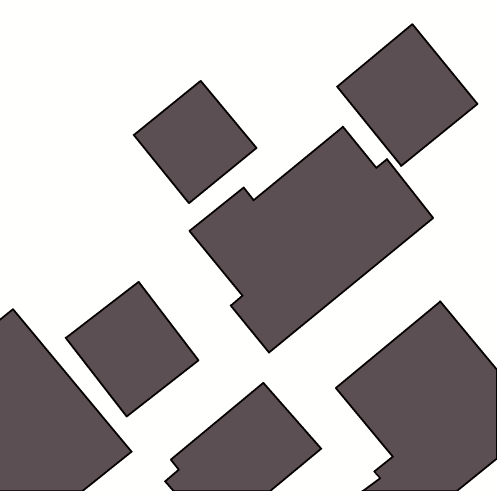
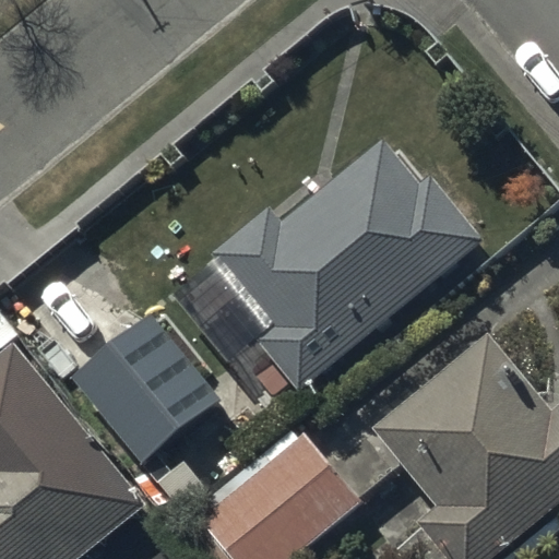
building: [337,24,477,166] -> none
building: [134,81,256,203] -> none

